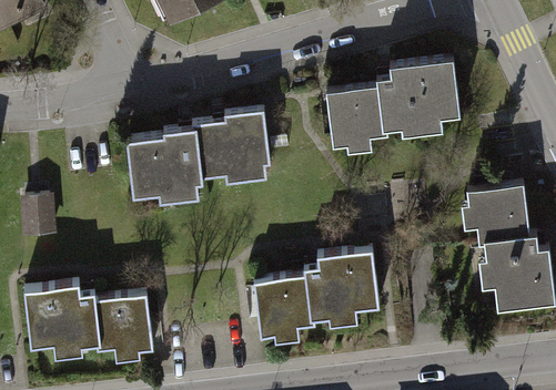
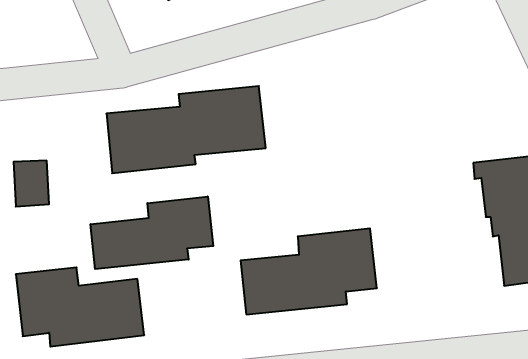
building: [316,54,457,145] -> none
building: none -> [91,196,213,269]

